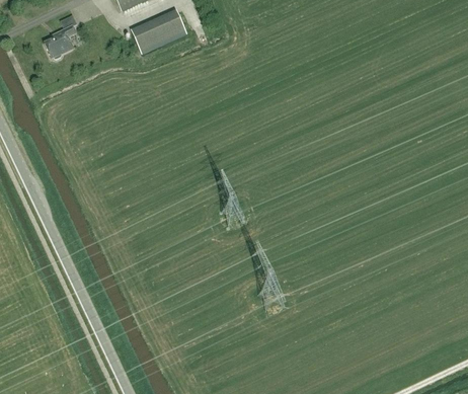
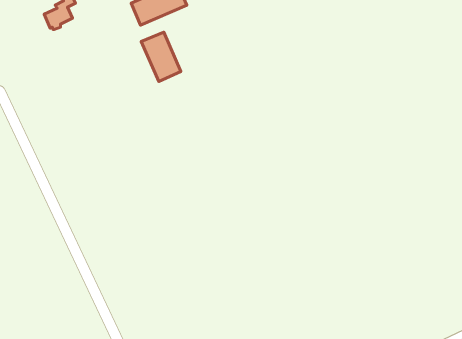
building: none -> [141,32,181,82]

